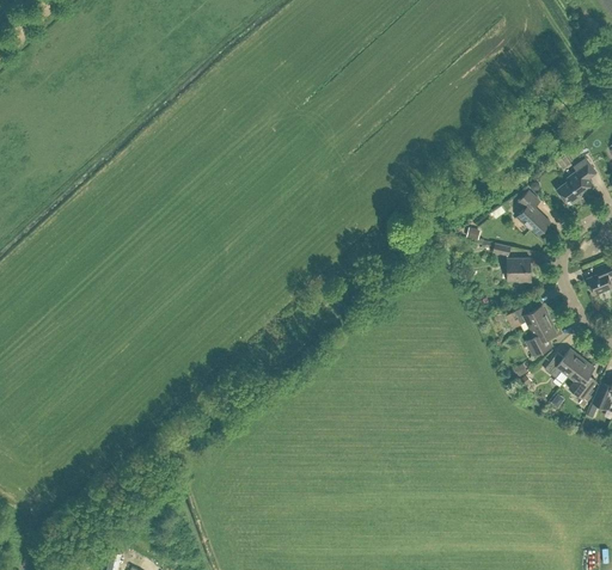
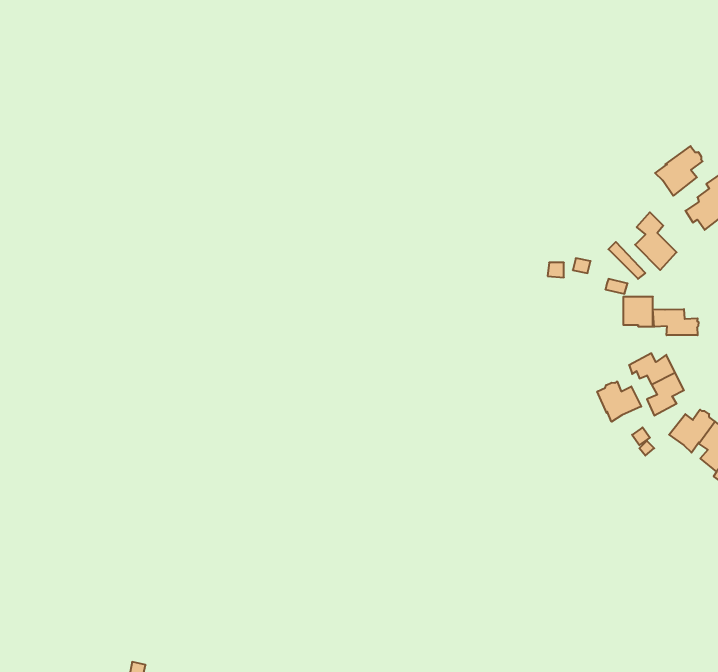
building: none -> [655,146,703,196]
building: none -> [653,309,698,335]
building: none -> [597,381,641,422]

